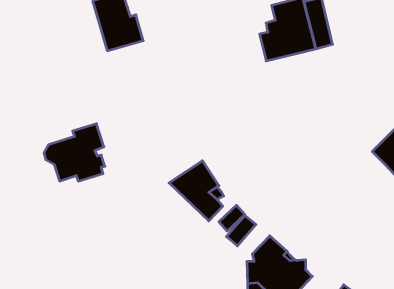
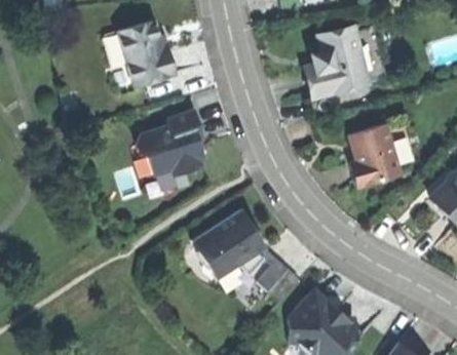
building: none -> [349,123,399,186]
building: [44,124,105,181] -> [136,110,203,173]
building: none -> [192,231,247,289]

